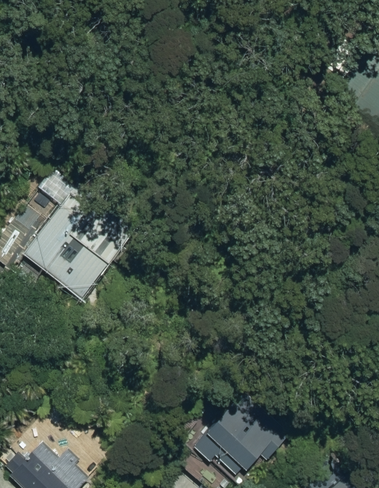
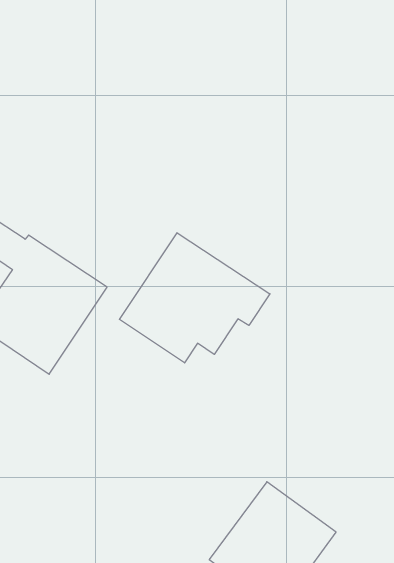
building: none -> [119,233,270,363]

